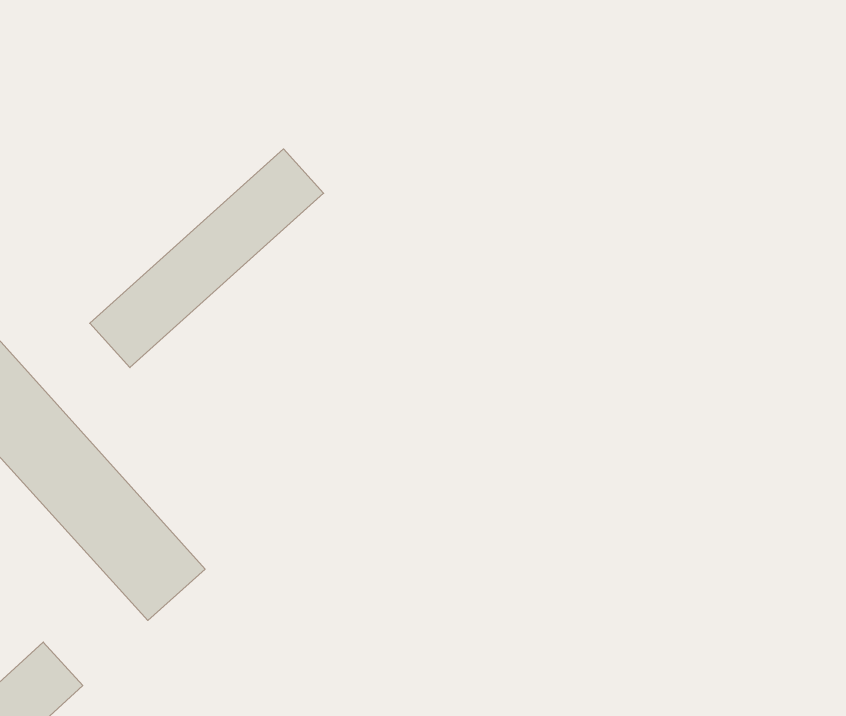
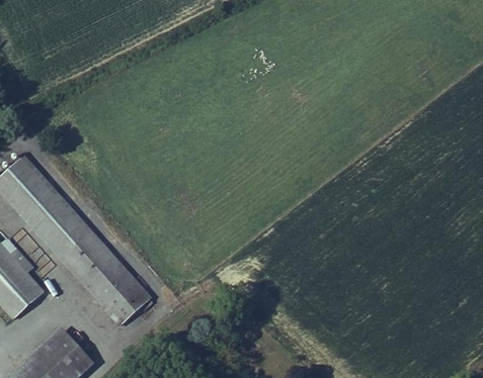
building: [90,149,324,368] -> none

